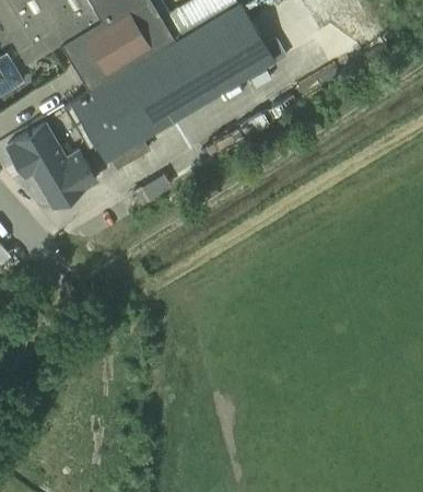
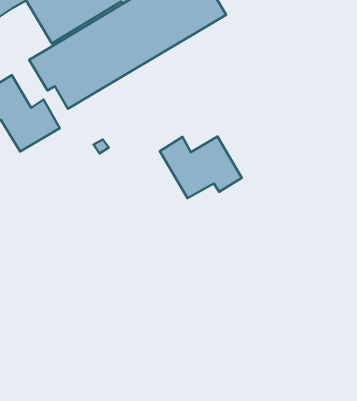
building: none -> [160,137,242,198]

